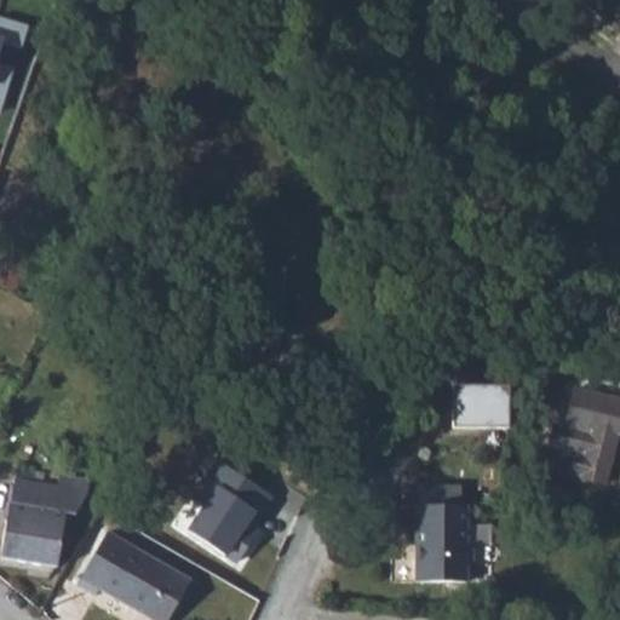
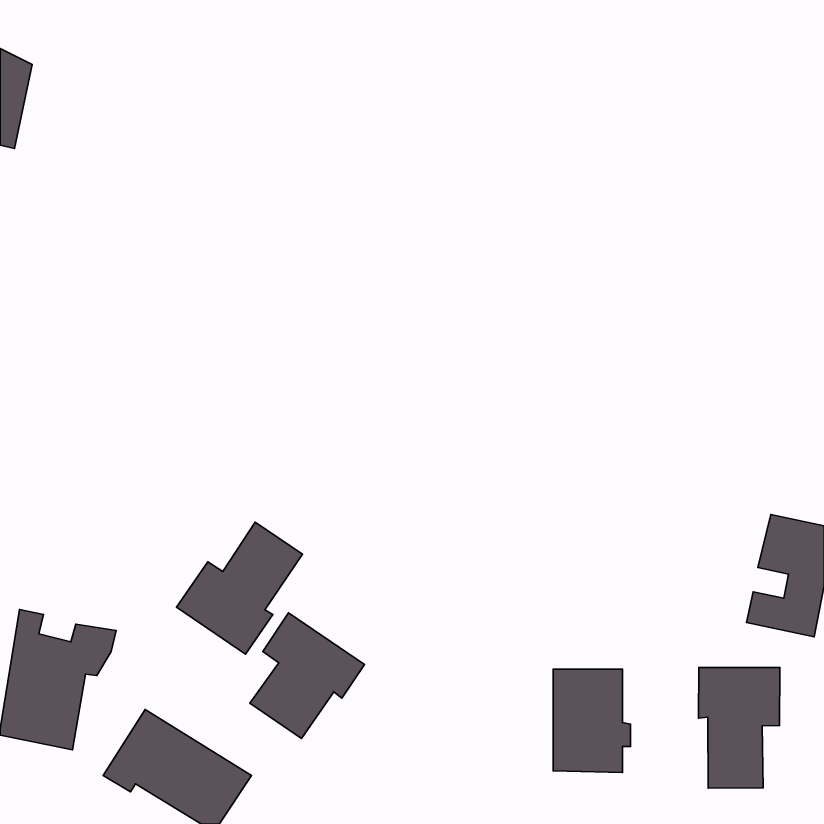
building: [455,385,511,426] -> none
building: none -> [176,522,302,654]
building: none -> [699,667,780,788]

